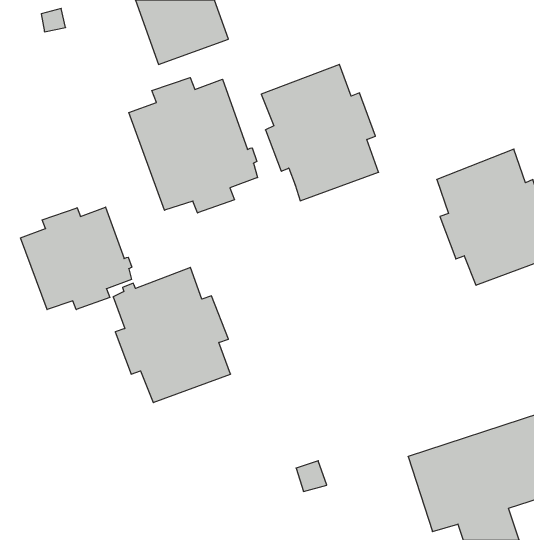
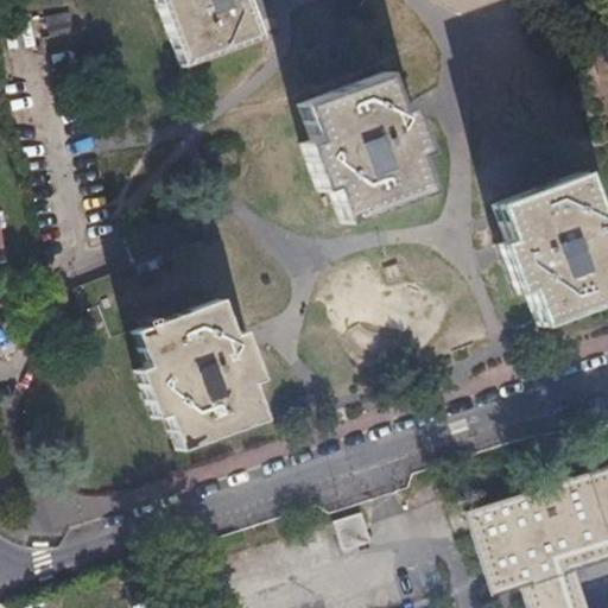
building: [129,78,258,213] -> none
building: [21,207,132,310] -> none

